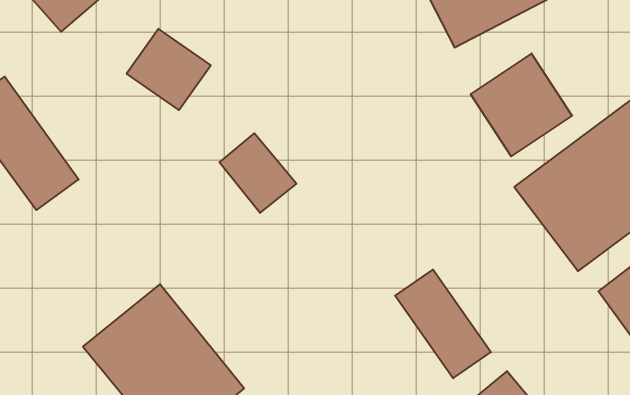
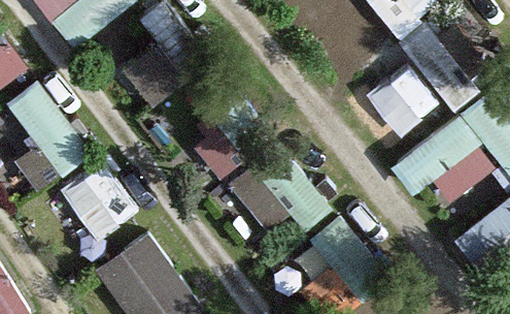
building: none -> [231,145,331,229]
building: none -> [61,160,137,241]

